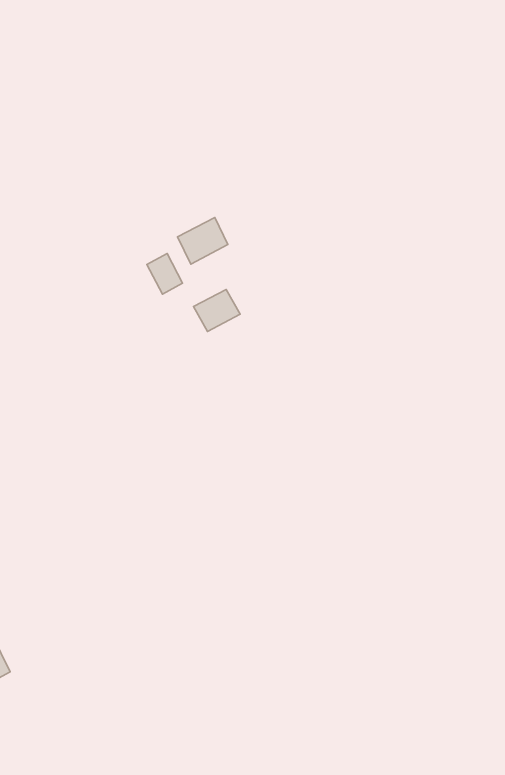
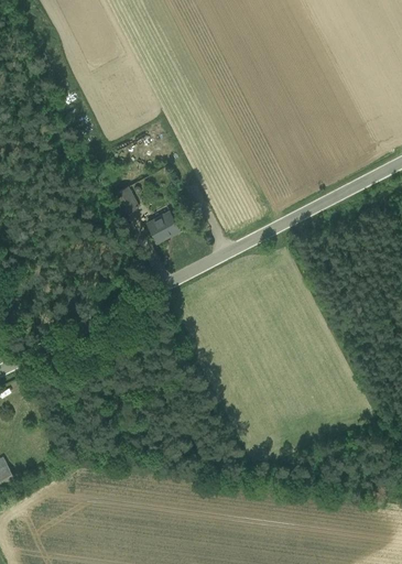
building: [178,217,228,264] -> none

